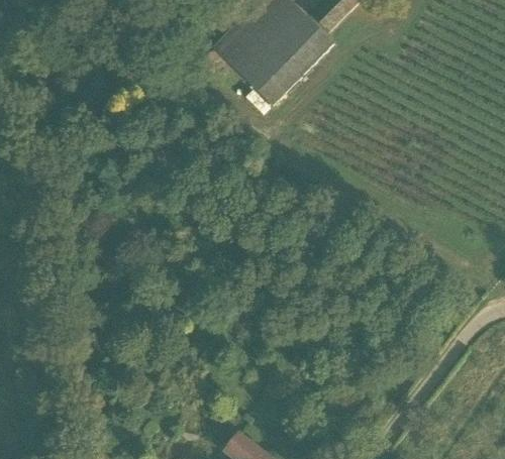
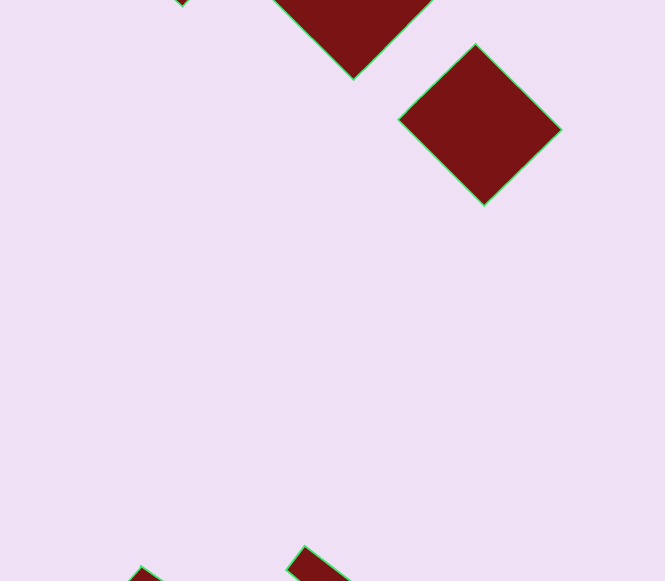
building: none -> [398,44,562,206]

